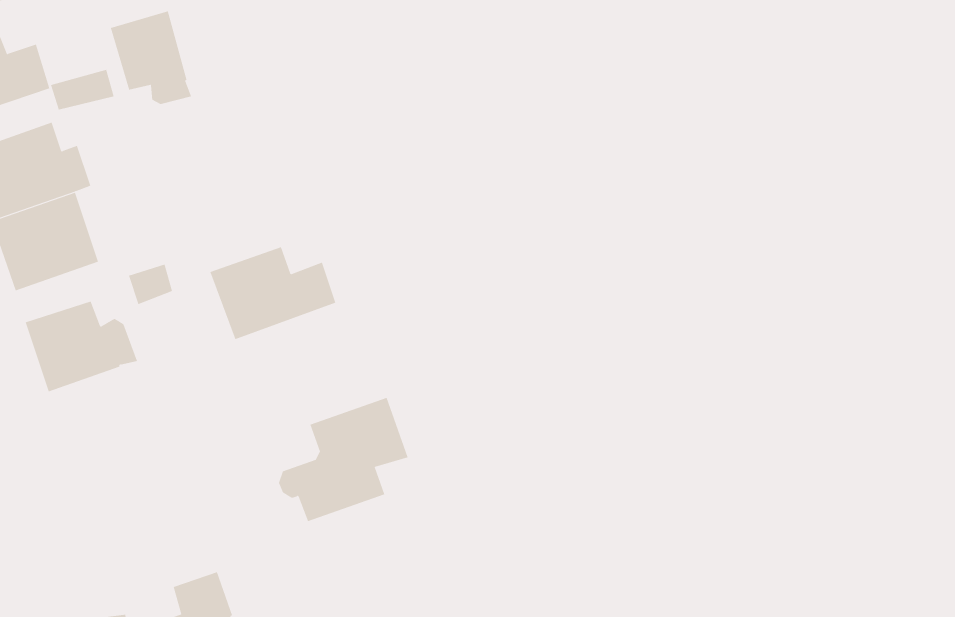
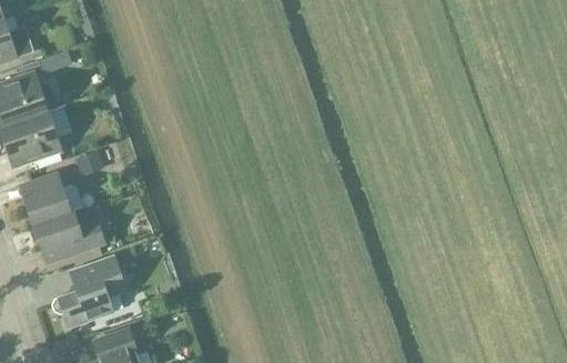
building: [110,11,192,105] -> none
building: [210,246,336,340] -> [32,211,104,264]
building: [278,397,409,522] -> [52,256,126,327]

